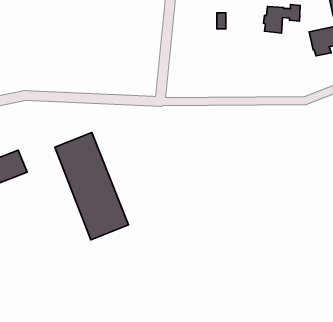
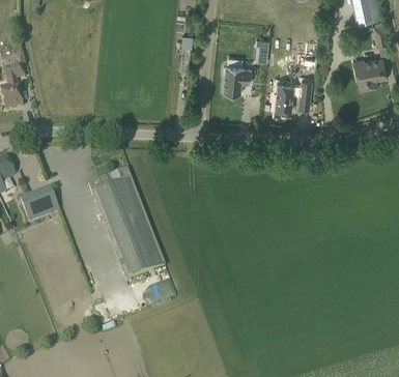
building: [264,4,300,33] -> [274,80,312,110]
building: none -> [223,63,251,92]

